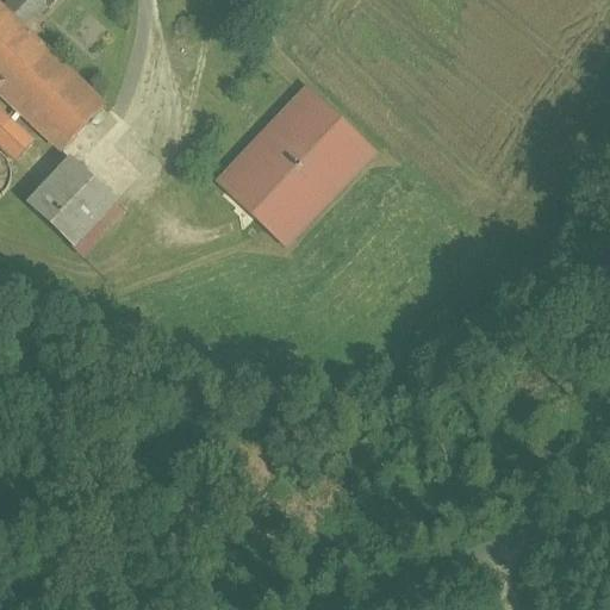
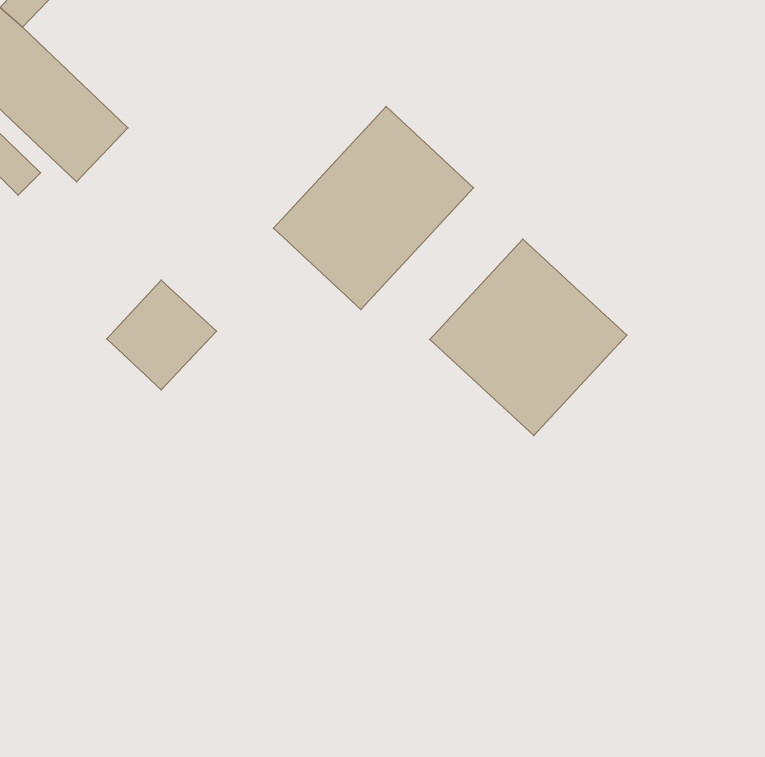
building: [27,154,114,241] -> [107,280,217,390]
building: none -> [430,239,627,435]

